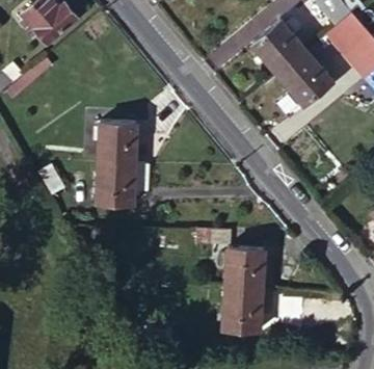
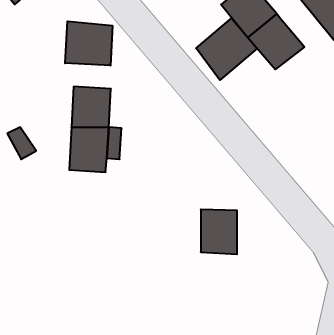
building: none -> [196,18,257,80]
building: none -> [65,21,112,66]
building: [230,285,265,332] -> none

